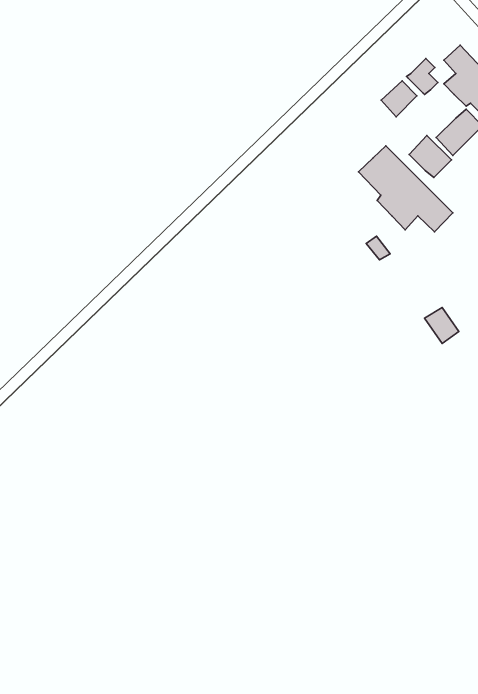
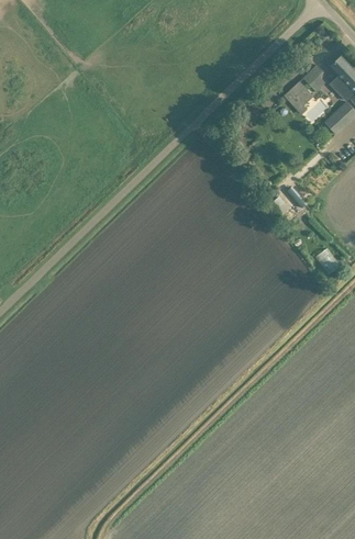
building: [409,135,451,178] -> none
building: [359,146,453,232] -> none

